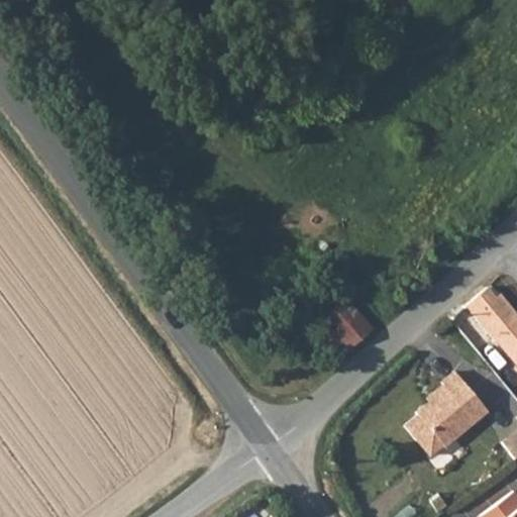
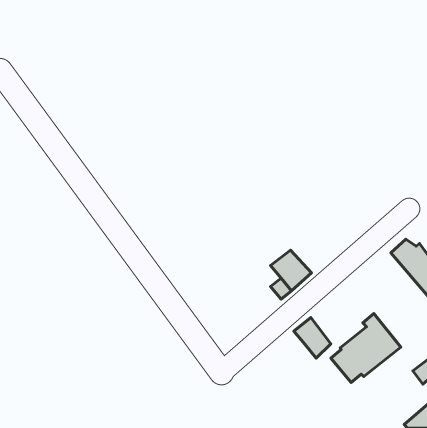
building: none -> [294,317,331,358]

